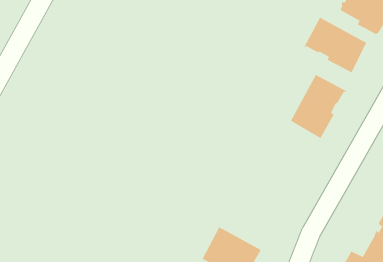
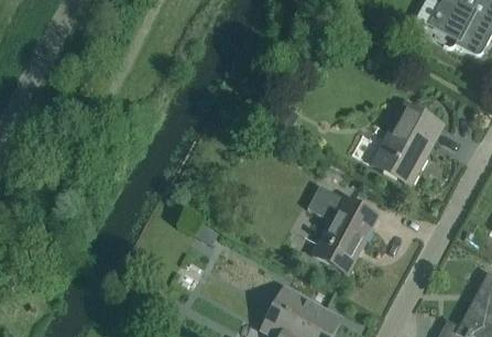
building: [303,17,367,73] -> none
building: none -> [306,185,379,273]

